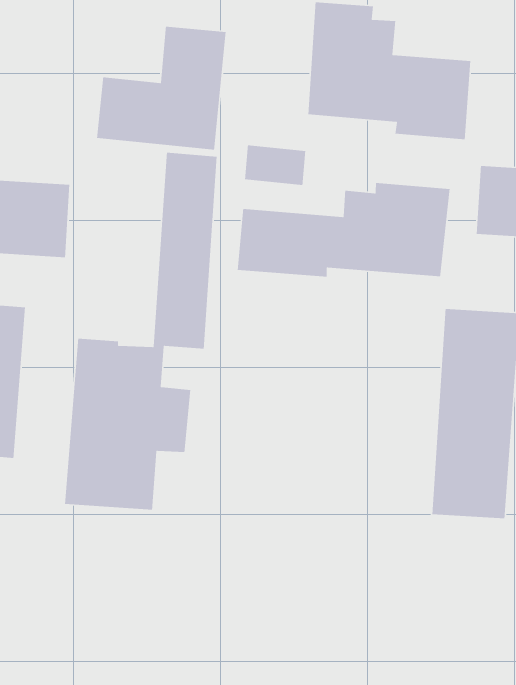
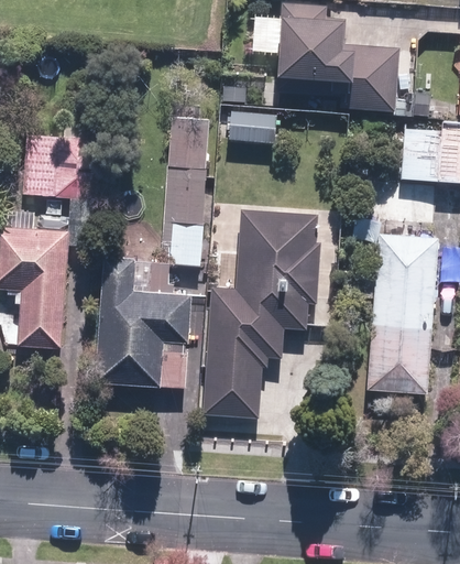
building: [96,26,227,150] -> none
building: [237,182,451,278] -> none
building: none -> [204,210,317,419]

